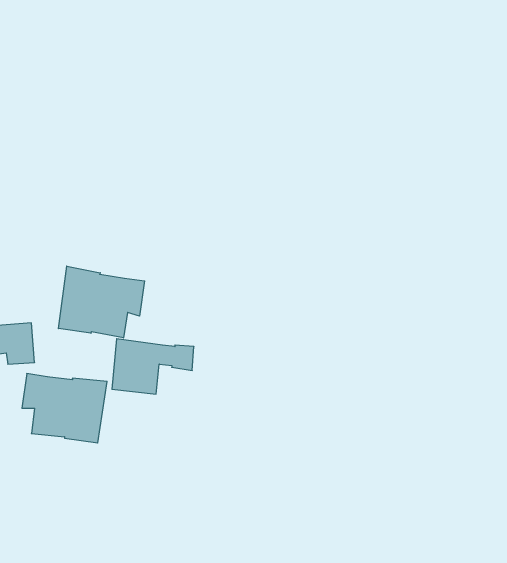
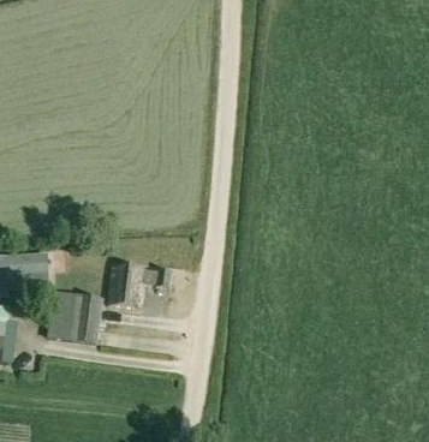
building: [58,266,145,338] -> none

